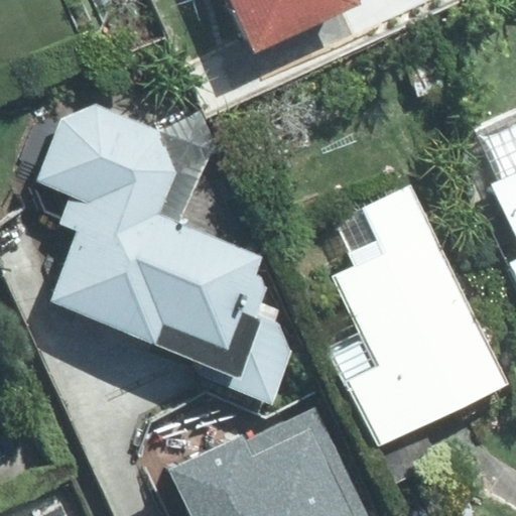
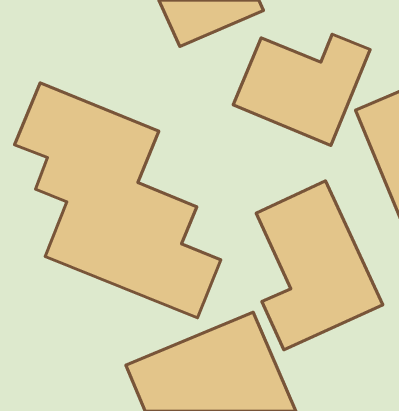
building: none -> [233,34,370,145]

